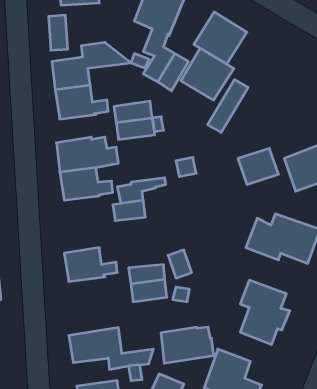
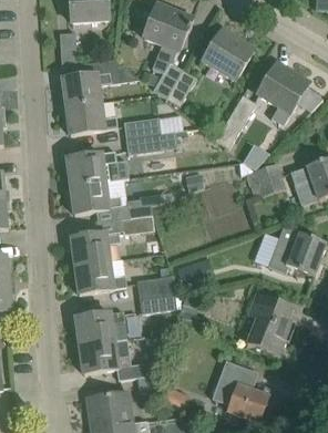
building: [181,48,234,100] -> [257,62,309,113]
building: none -> [71,231,120,266]
building: [161,327,214,363] -> [75,311,127,347]

